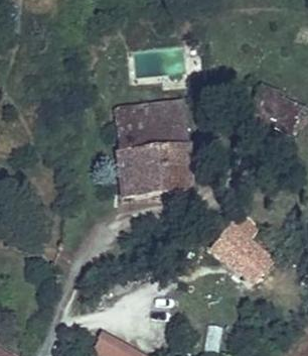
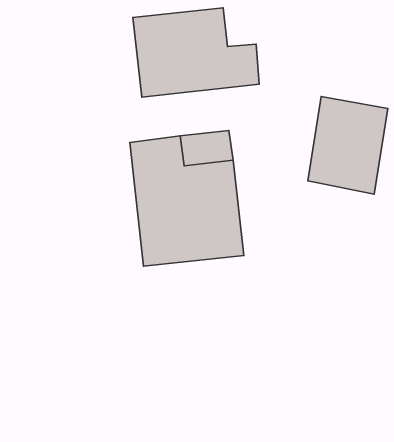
building: none -> [133,8,259,97]
building: [208,214,272,284] -> none

